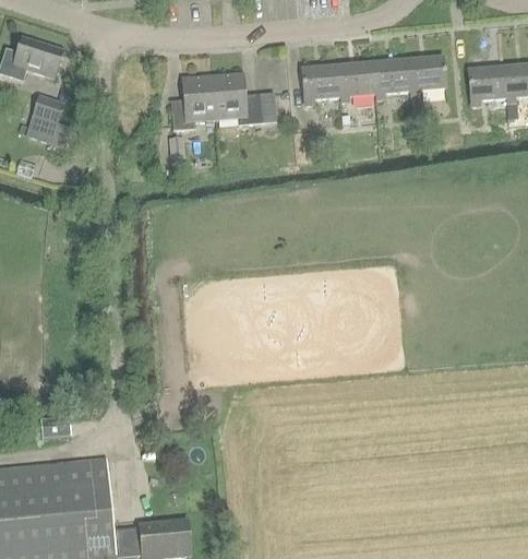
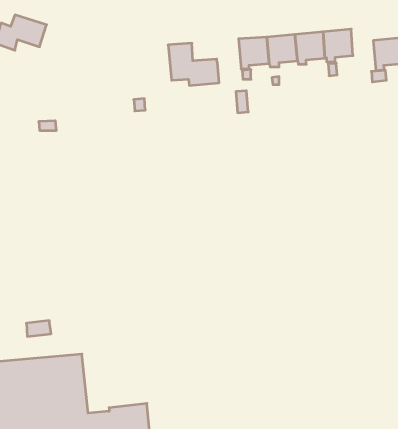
building: [171,74,217,130] -> none
building: [25,94,63,143] -> none

